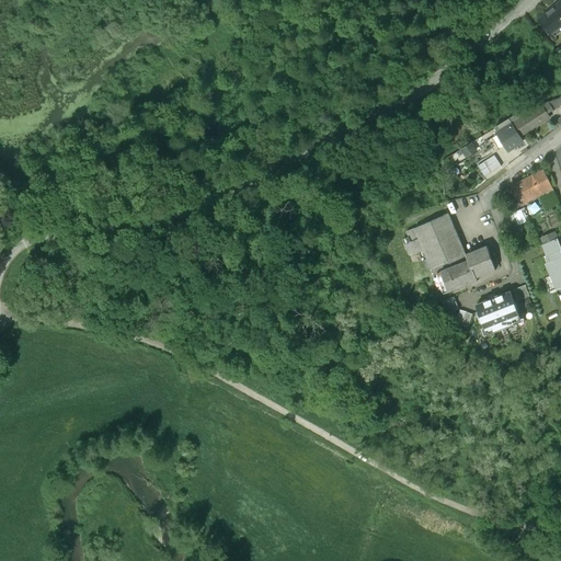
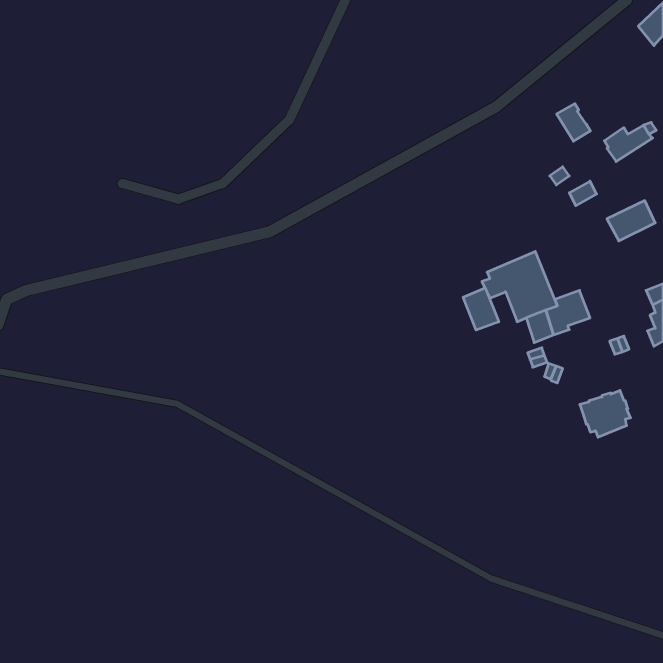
building: [493,121,522,152] -> [557,104,590,141]
building: none -> [463,288,499,330]
building: [477,291,519,331] -> [580,390,631,437]

